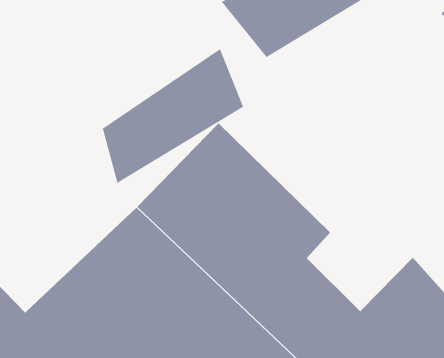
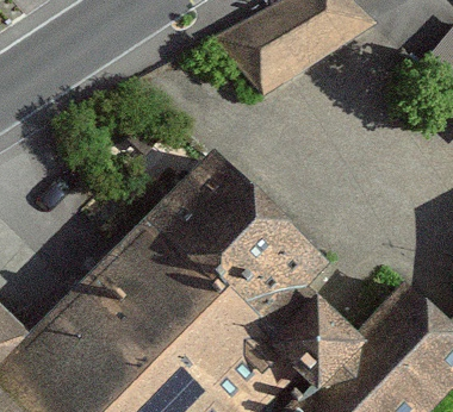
building: [102,48,244,184] -> none

